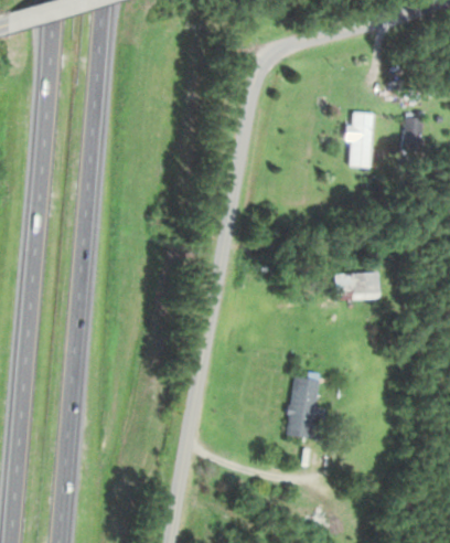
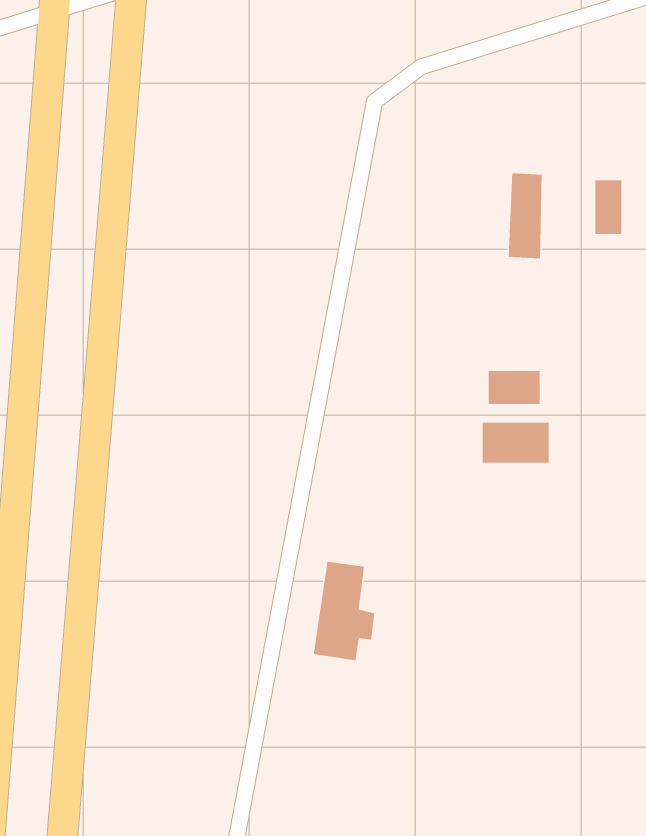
building: none -> [488,370,540,405]
building: [286,377,325,441] -> [313,561,375,661]

